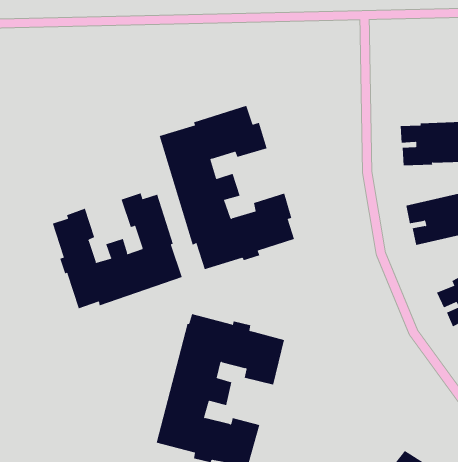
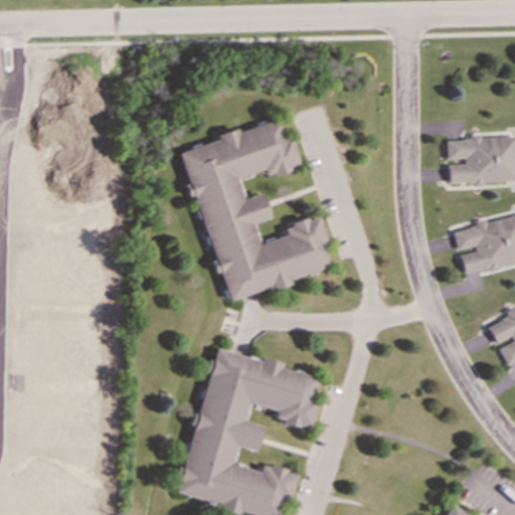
building: [52,193,183,309] -> none

